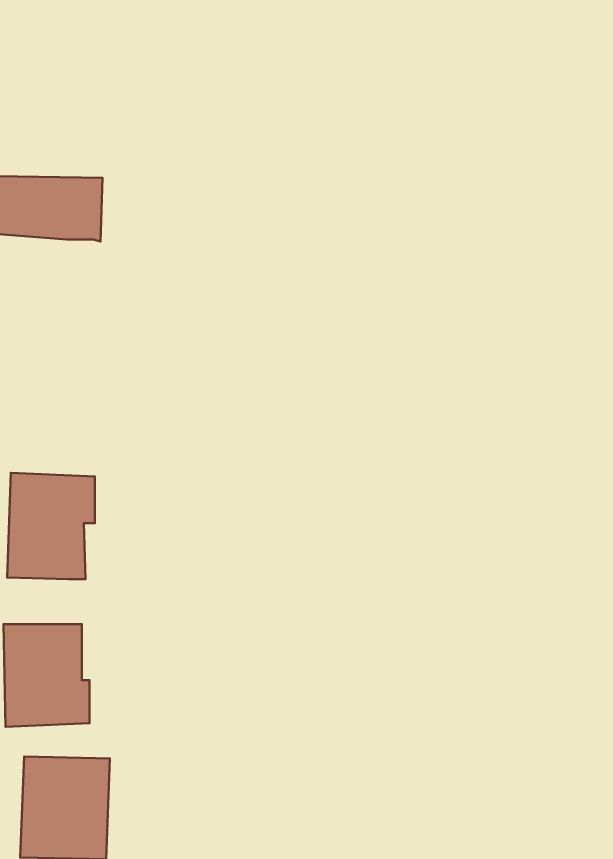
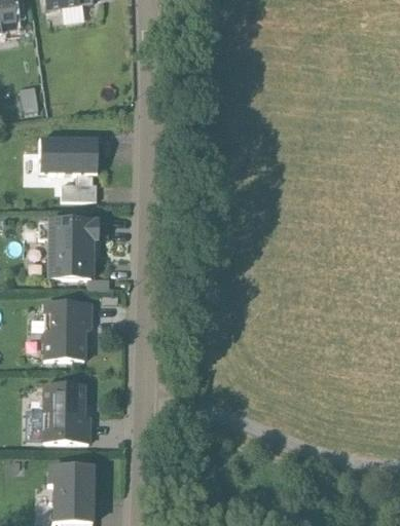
building: none -> [61,173,97,198]
building: none -> [47,217,99,278]

